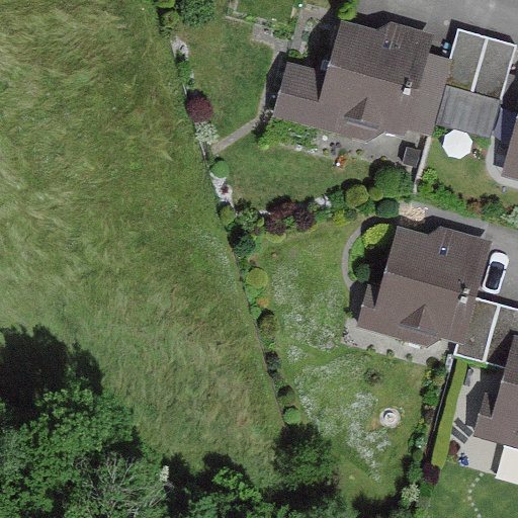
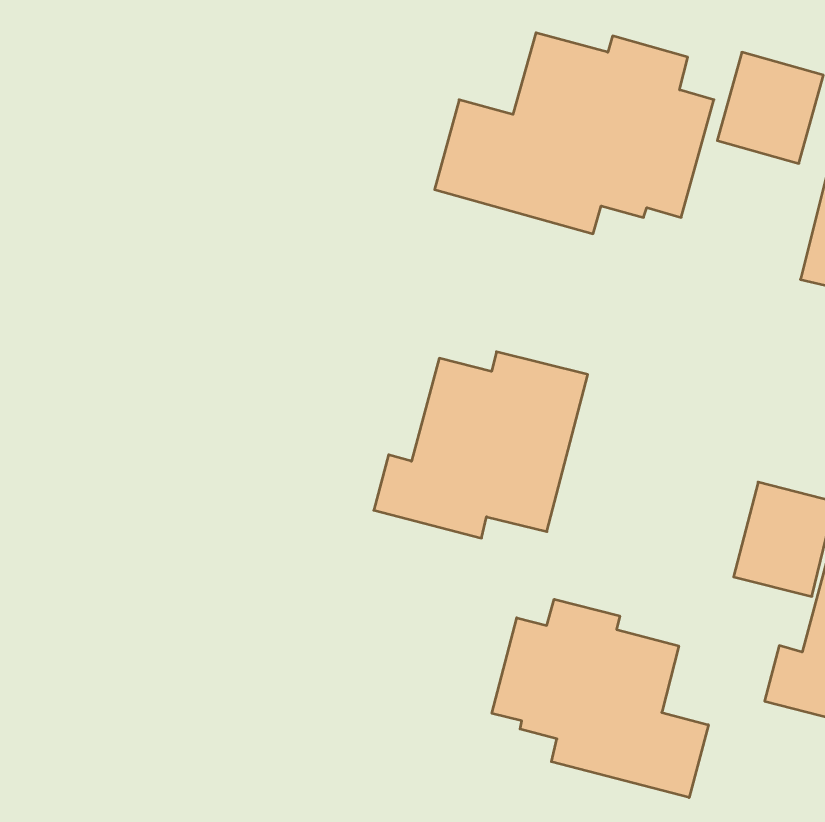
building: [356,228,489,343] -> [374,352,588,538]
building: none -> [492,599,708,798]

